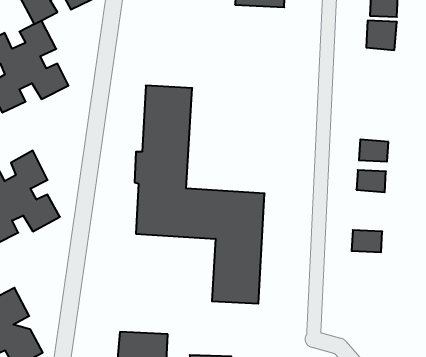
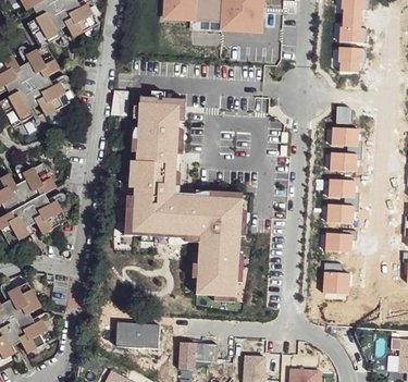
building: none -> [331,126,357,146]
building: none -> [324,202,351,222]
building: none -> [322,272,348,292]

